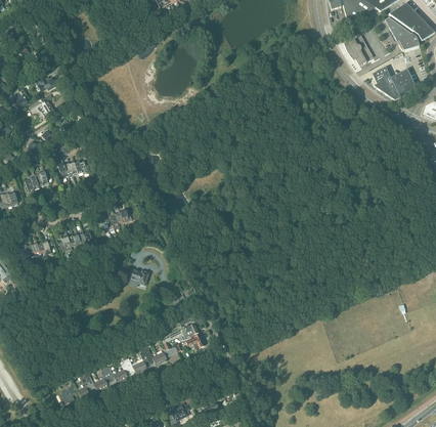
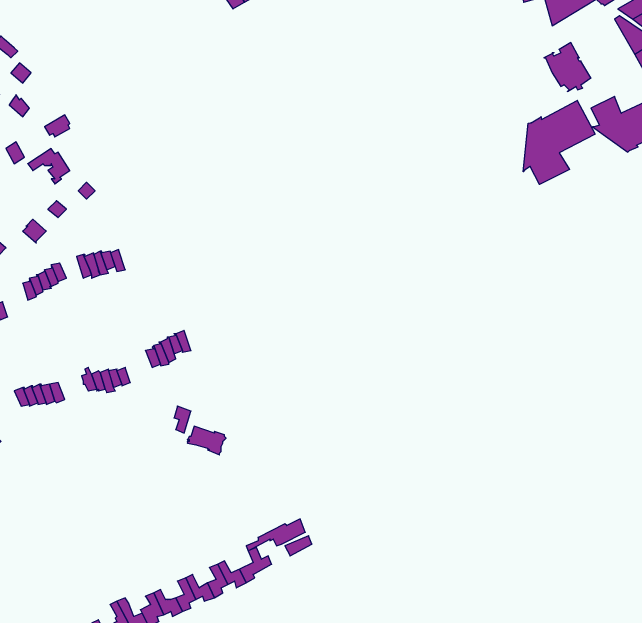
building: none -> [523,100,595,184]

